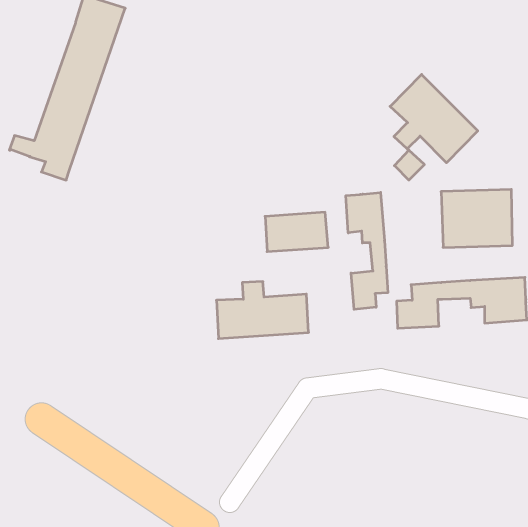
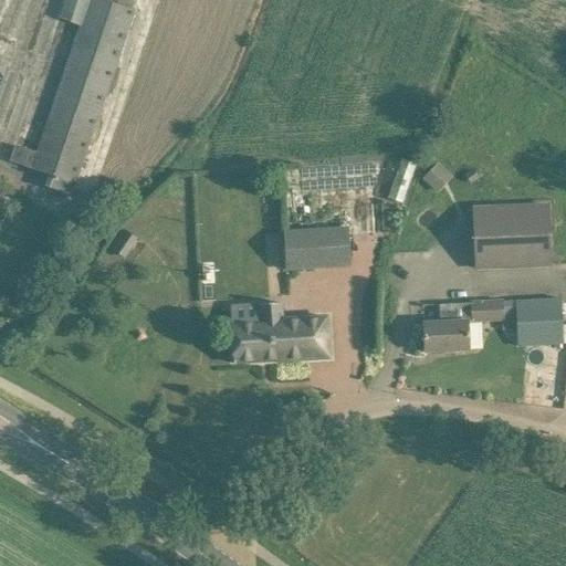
building: [390,74,478,163] -> none
building: [346,192,388,309] -> none

